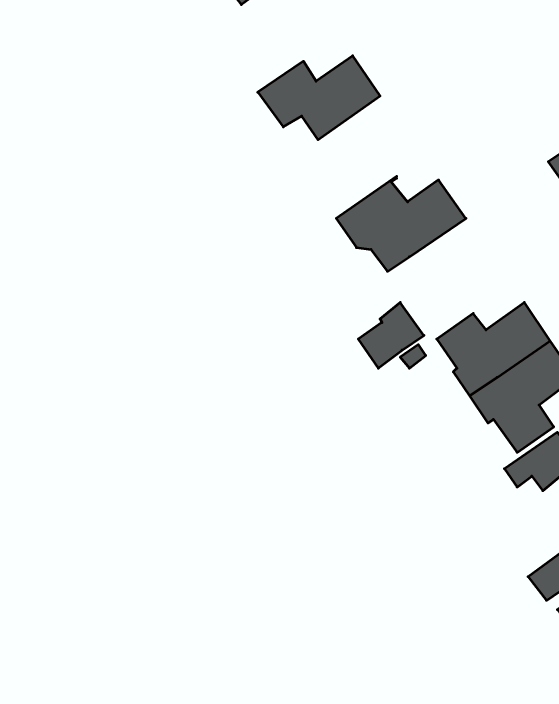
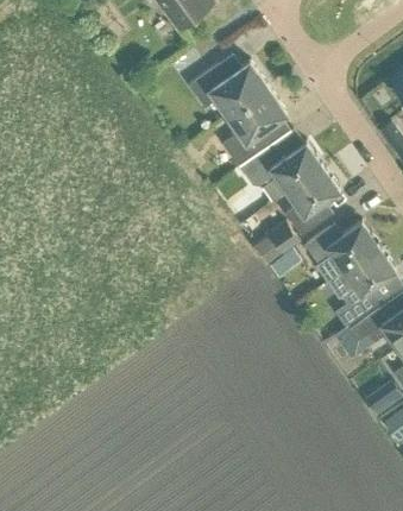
building: none -> [223,89,288,169]
building: none -> [286,169,341,238]

